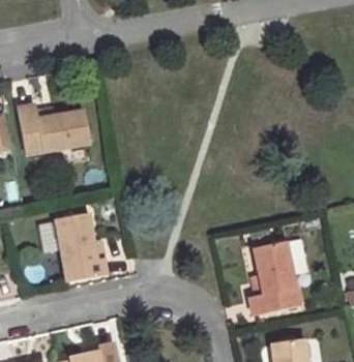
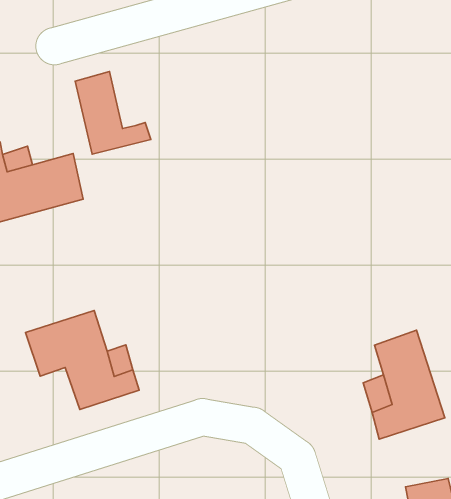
building: none -> [75,72,151,154]

